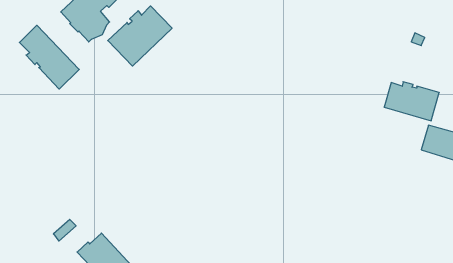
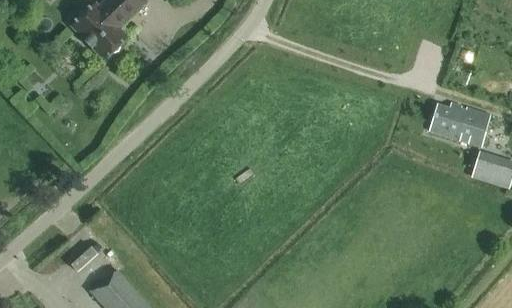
building: [108,6,172,66] -> none
building: [19,25,79,89] -> none

